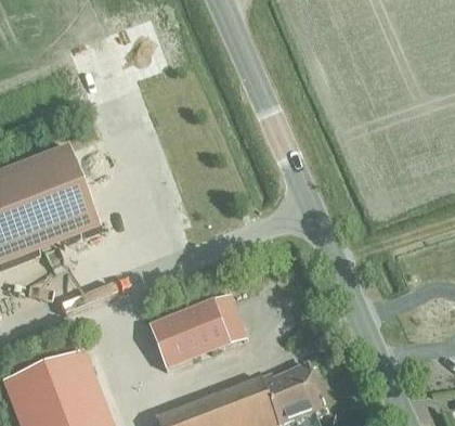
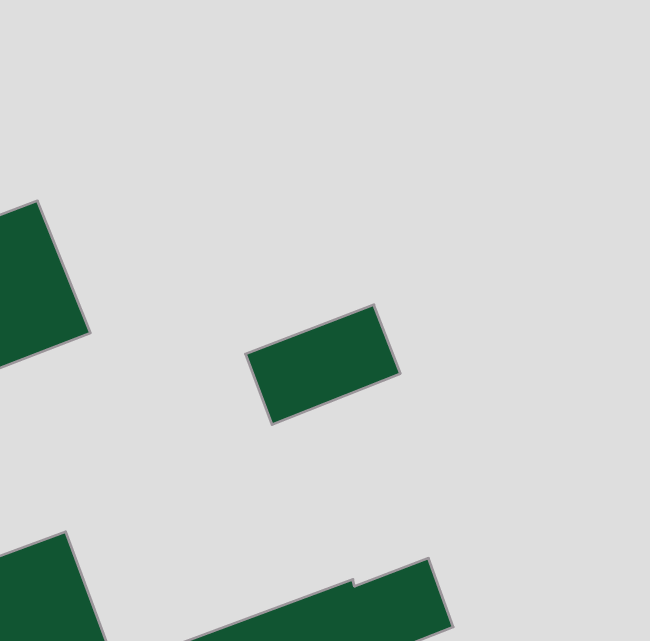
building: [150,289,245,363] -> [245,305,400,425]

